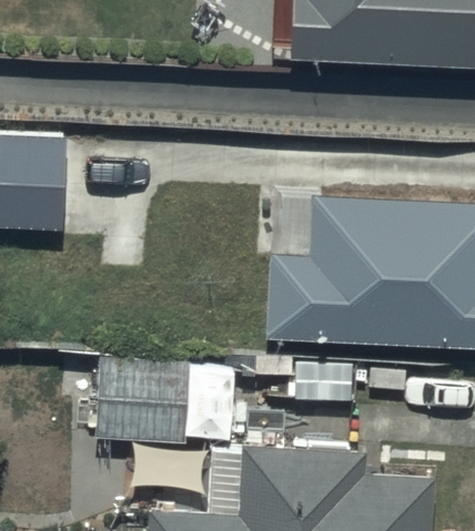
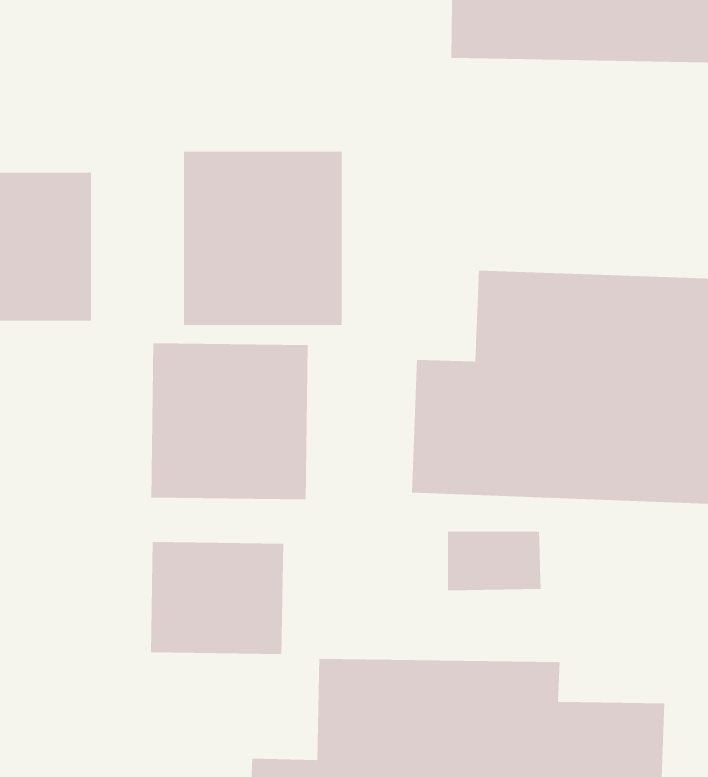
building: none -> [183,151,342,326]
building: none -> [151,343,309,500]

